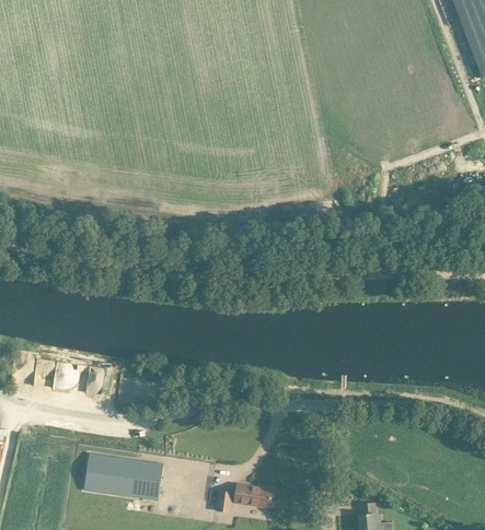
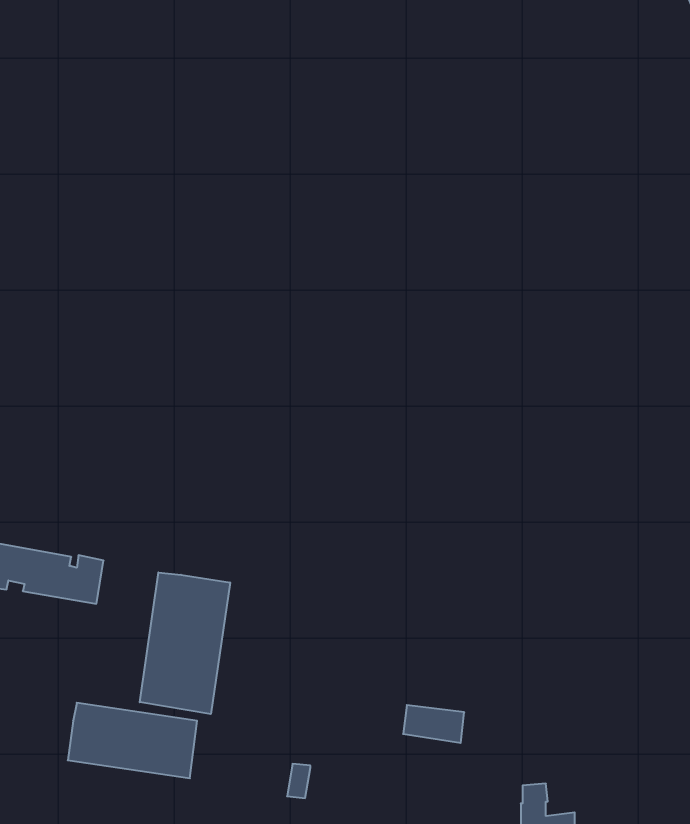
building: none -> [140,572,230,714]
building: [235,484,273,507] -> [403,705,464,743]

